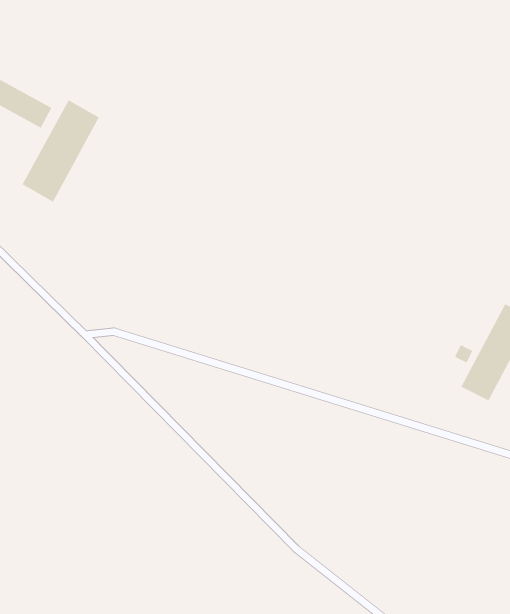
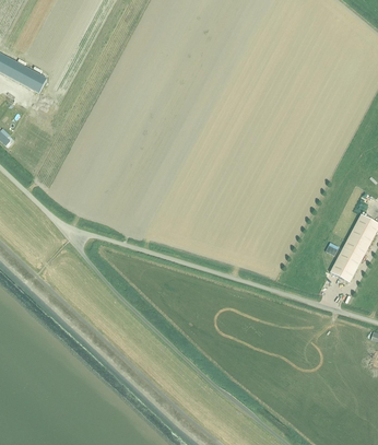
building: [22,99,100,202] -> none

